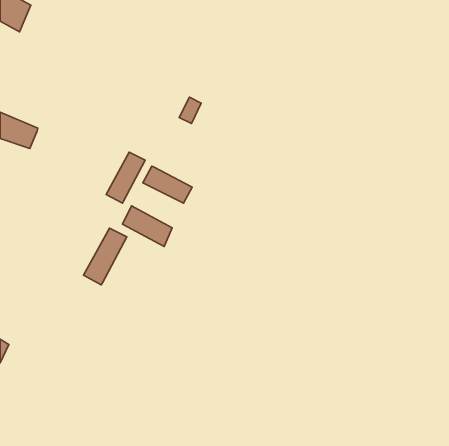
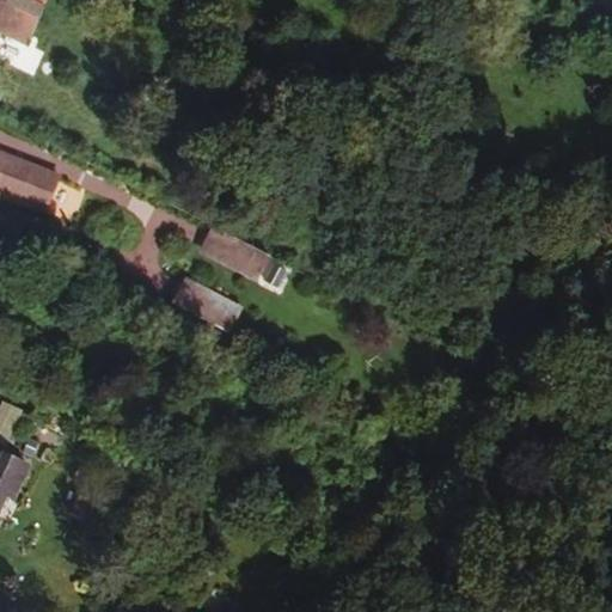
building: [106,152,145,203] -> none
building: [83,228,127,285] -> none

